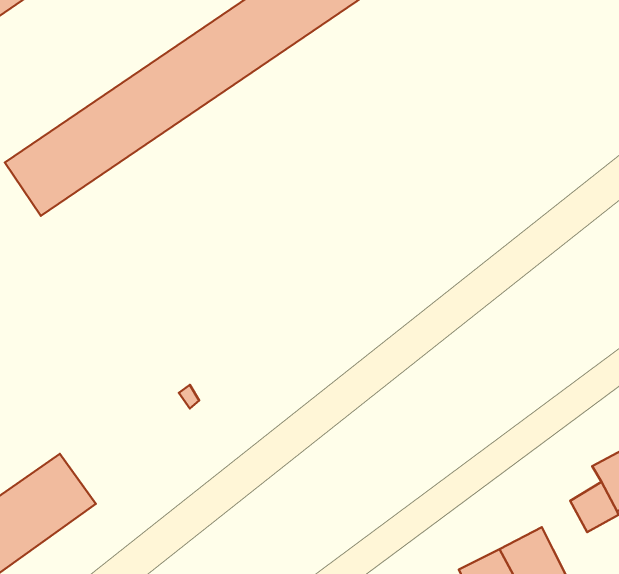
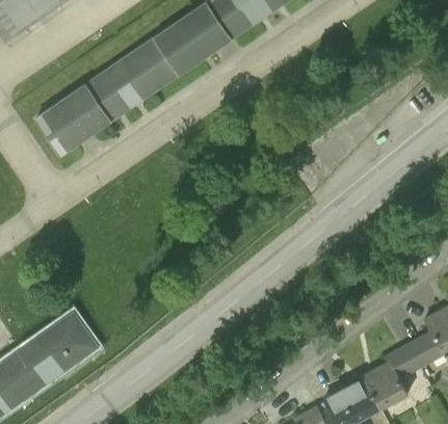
building: none -> [389,344,423,376]

